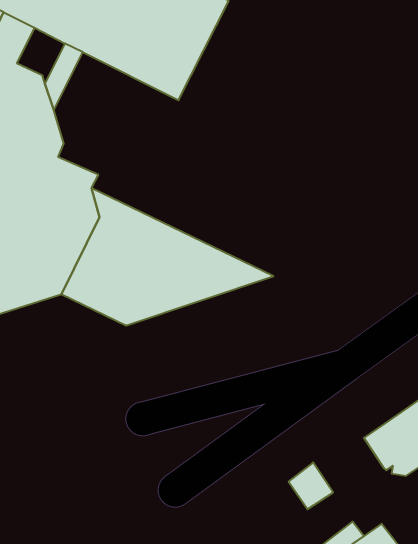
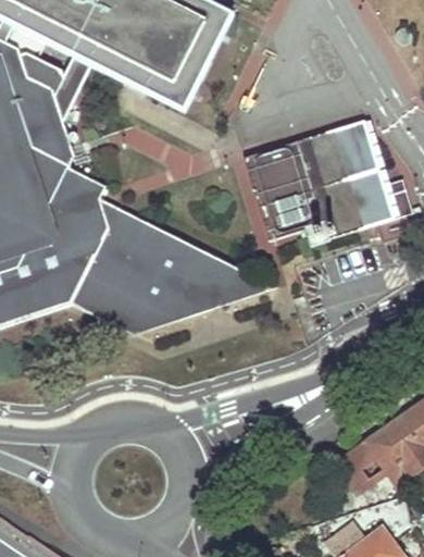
building: none -> [245,119,412,237]
building: [289,462,333,509] -> [341,443,385,488]

